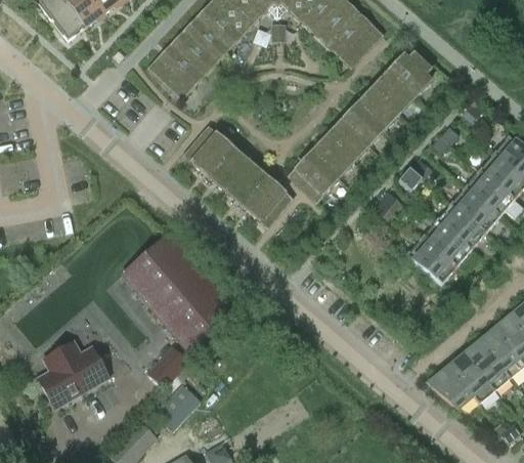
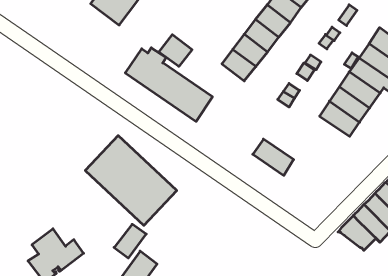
building: none -> [159,35,192,66]
building: [291,157,333,199] -> none
building: [406,236,456,284] -> [253,139,294,175]

